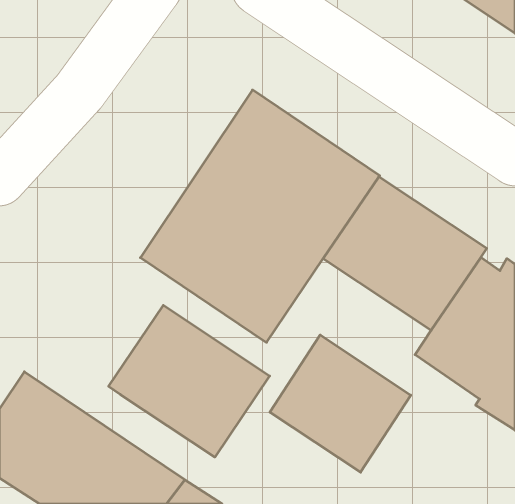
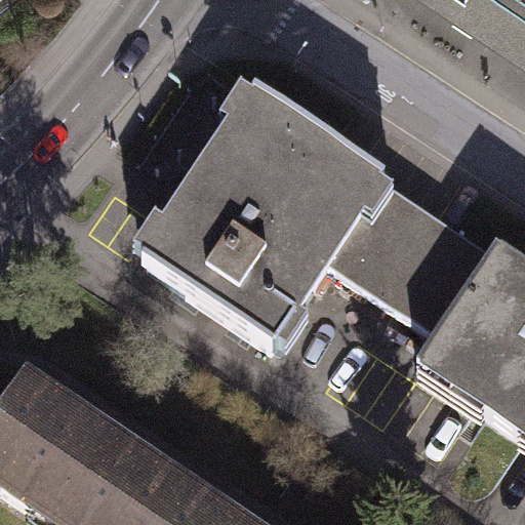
building: [109,305,270,457] -> none
building: [270,335,411,472] -> none

